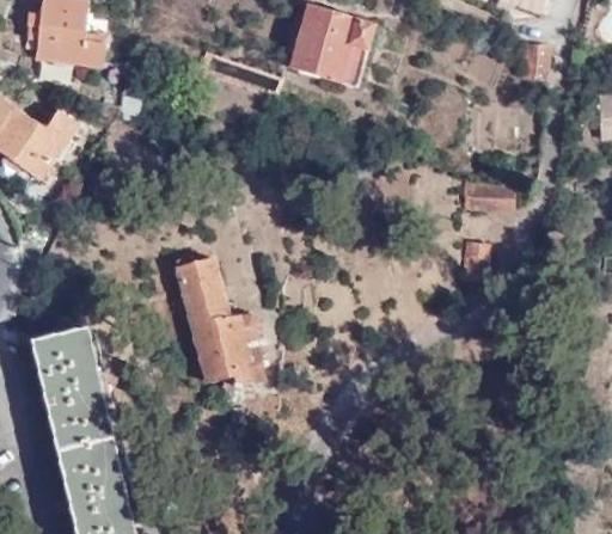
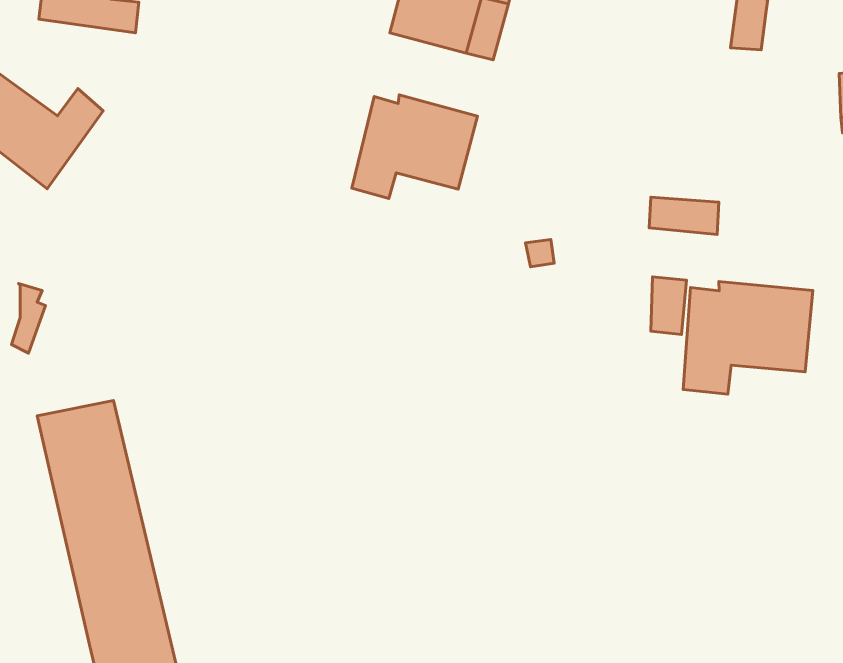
building: none -> [352,95,477,199]
building: none -> [683,281,813,394]
building: [175,253,264,400] -> none

